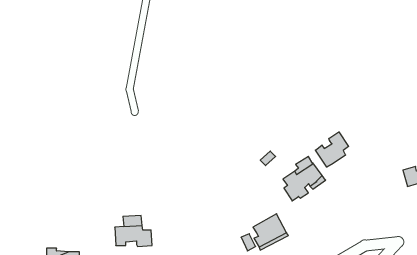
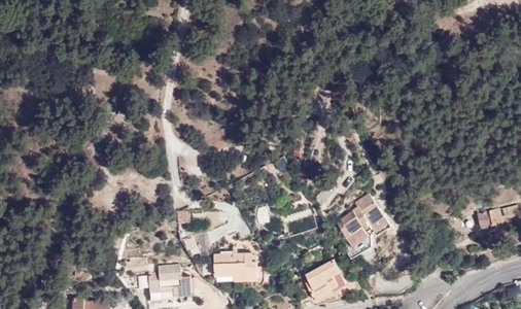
building: [315,132,349,167] -> none
building: none -> [213,253,257,280]

